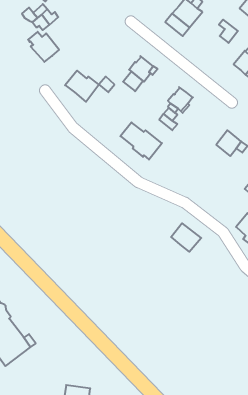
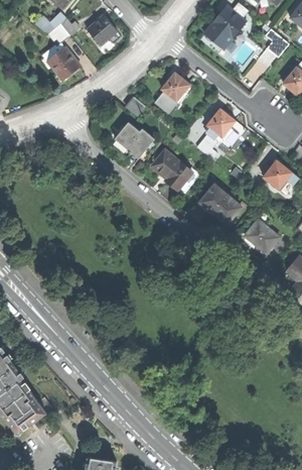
building: none -> [87,15,121,44]
building: [65,71,99,102] -> [115,122,154,158]
building: none -> [201,186,242,224]
building: [171,223,201,252] -> [245,220,280,253]

